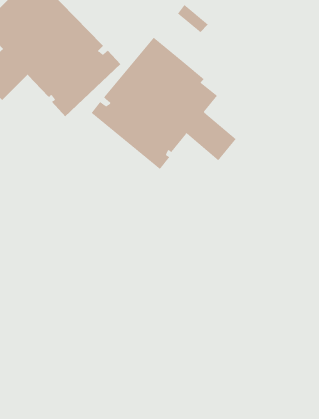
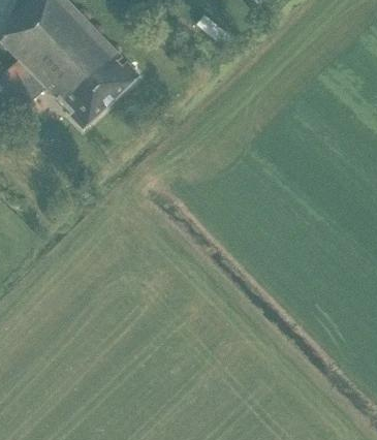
building: [91,37,236,170] -> none

